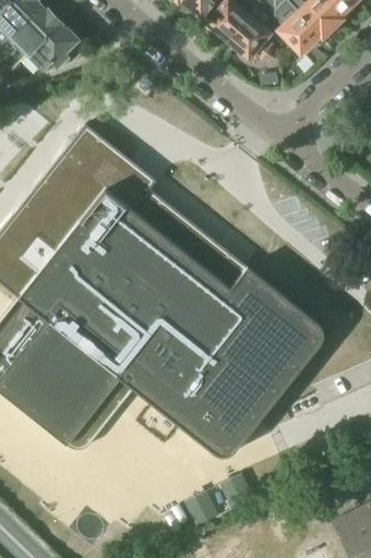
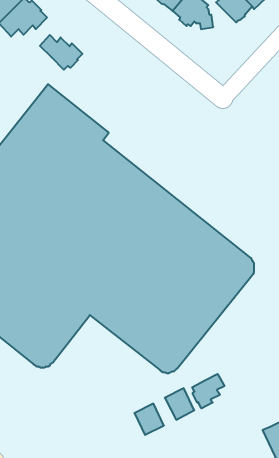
building: none -> [40,35,82,70]
building: none -> [192,374,224,408]

